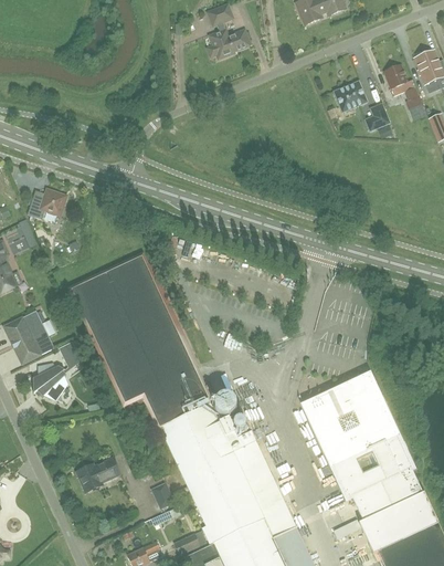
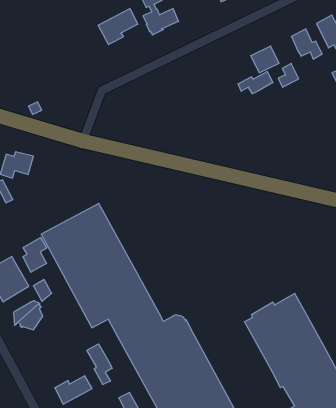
building: none -> [98,9,138,45]
building: none -> [238,71,273,94]
building: none -> [23,237,47,272]
building: none -> [87,344,112,385]

